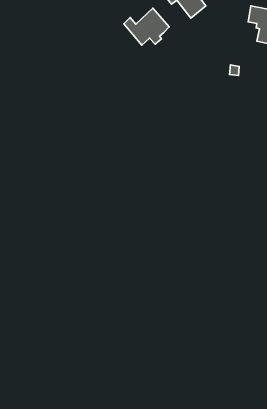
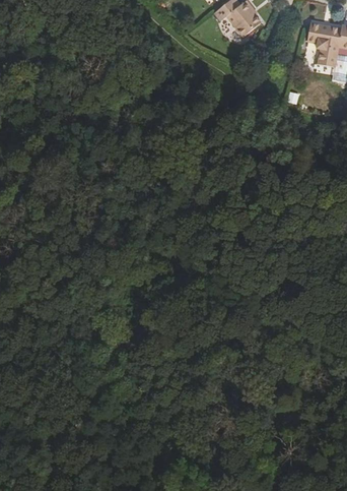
building: [124,8,169,45] -> none

